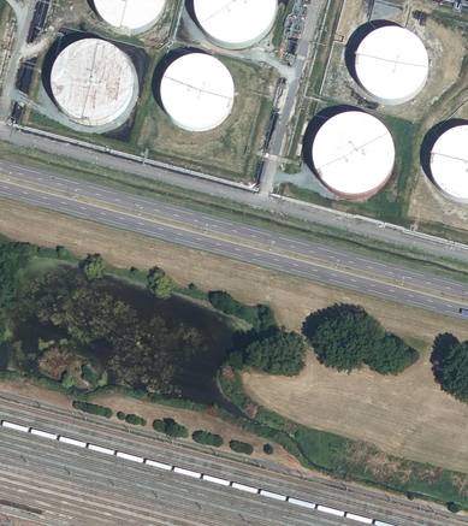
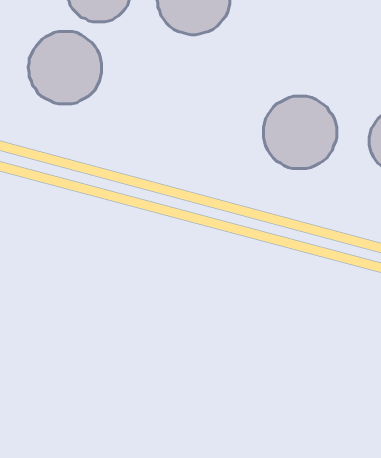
building: [355,25,427,97] -> none
building: [161,52,233,124] -> none

